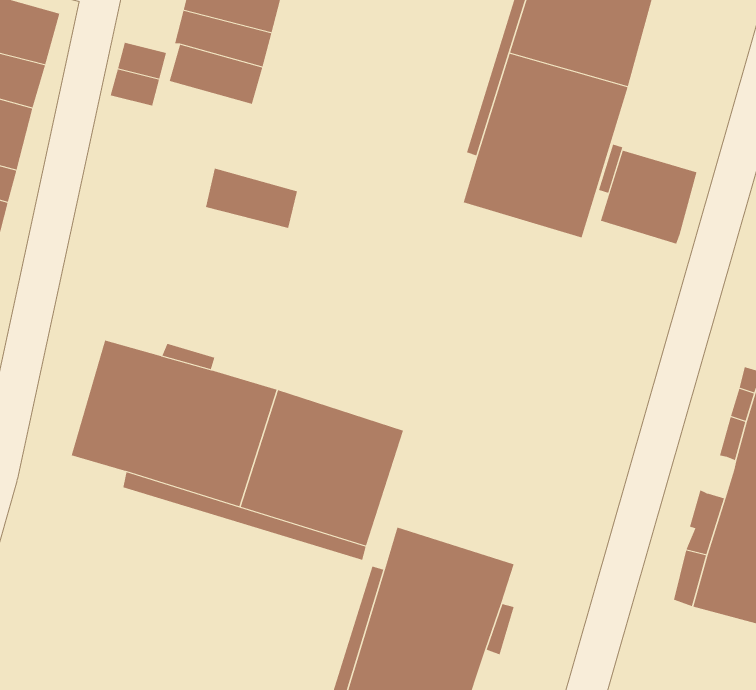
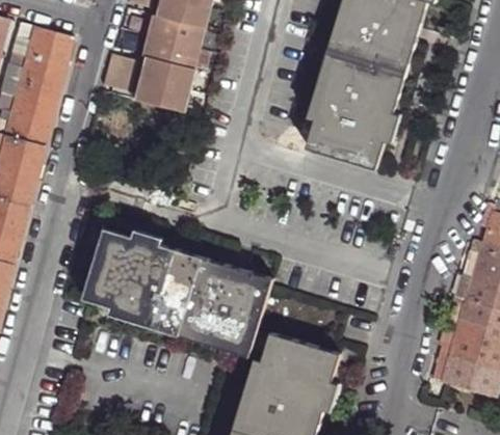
building: [600,150,697,244] -> none
building: [205,168,298,228] -> [133,76,187,111]

